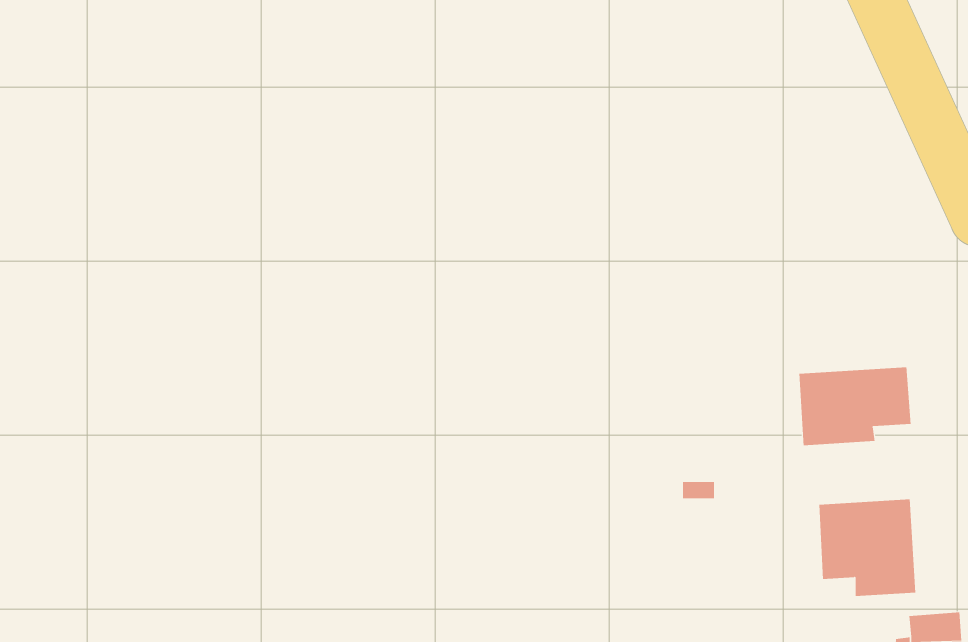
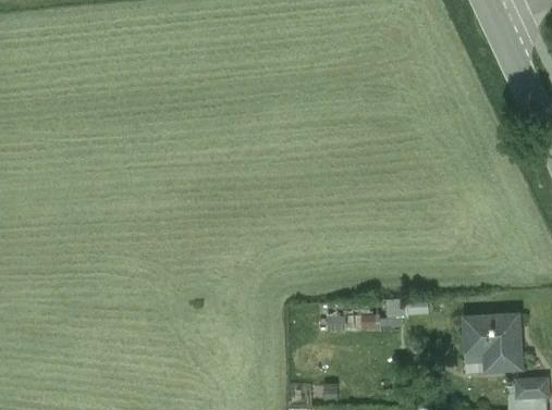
building: [799,367,911,446] -> none

